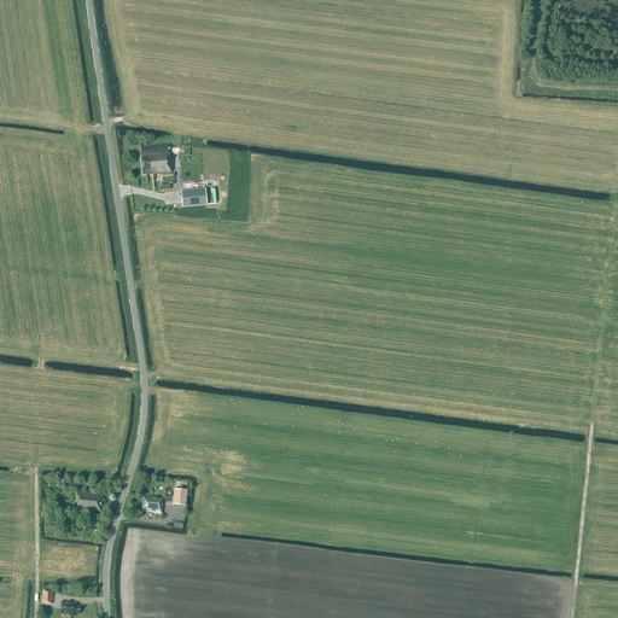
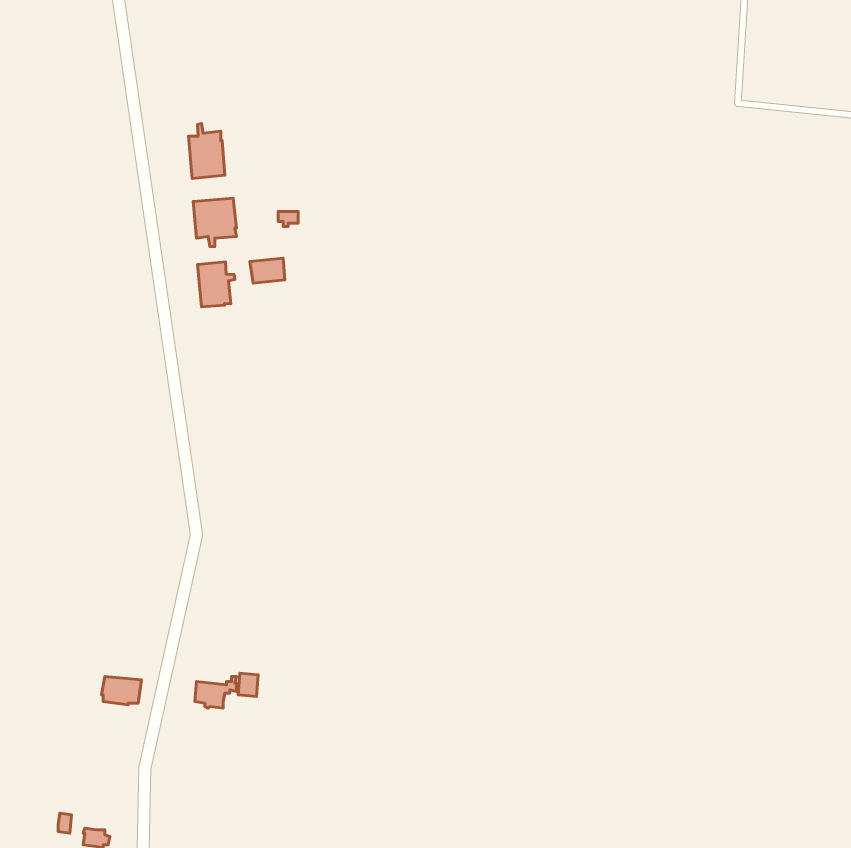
building: none -> [188,124,225,178]
building: none -> [197,262,235,307]

